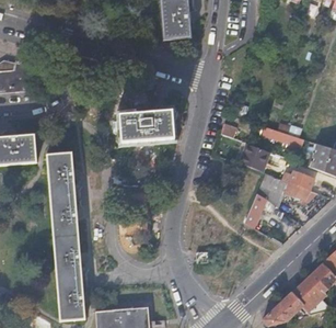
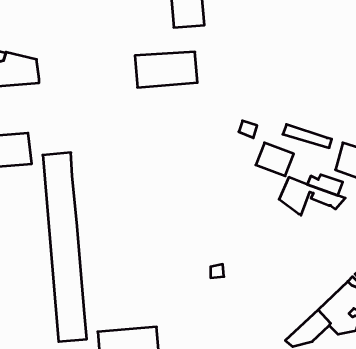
building: [118,112,174,144] -> [135,52,197,87]
building: [244,193,275,228] -> none

